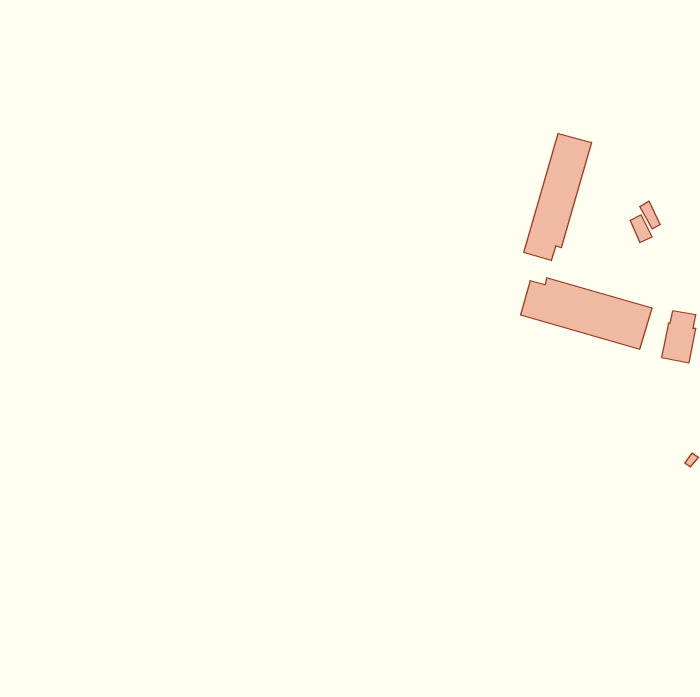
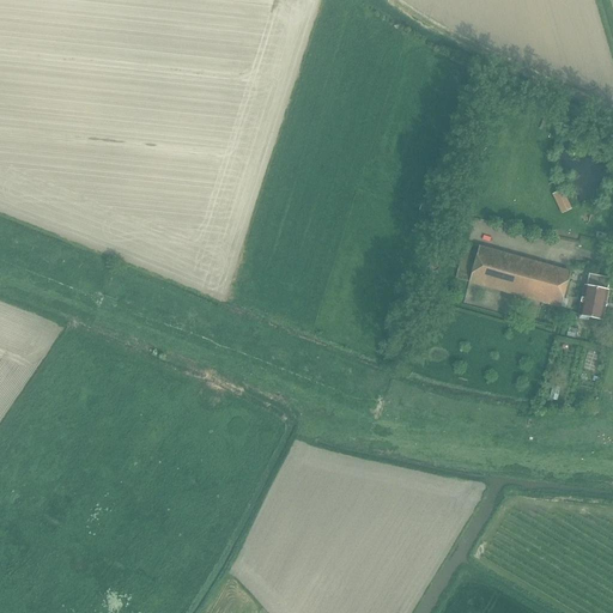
building: [524,133,591,261] -> none

